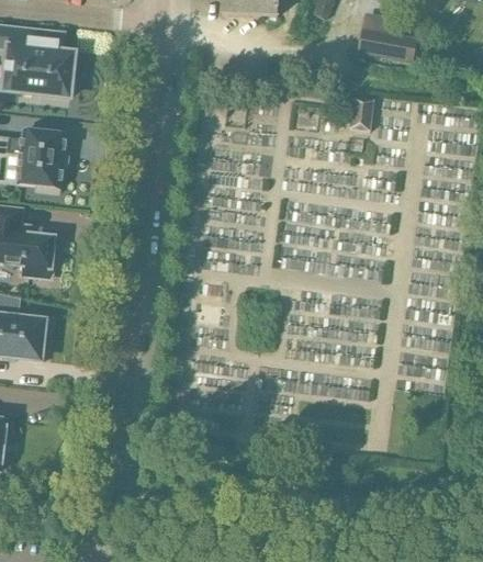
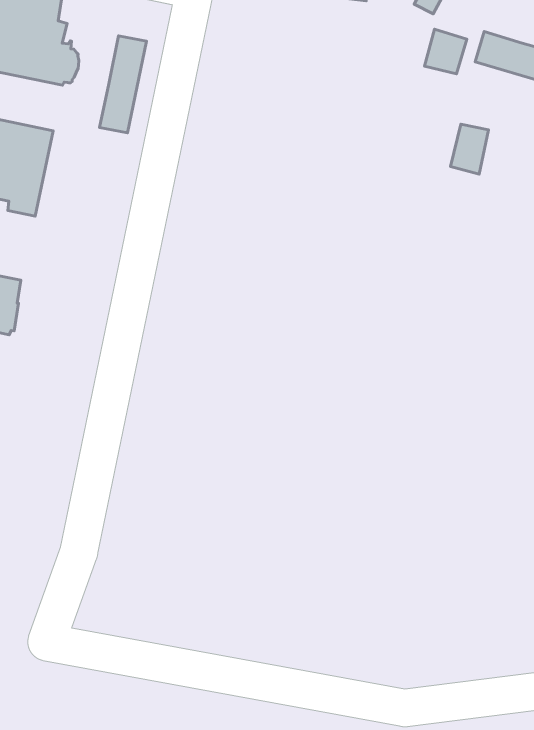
building: none -> [425,29,467,74]
building: none -> [100,36,146,133]

